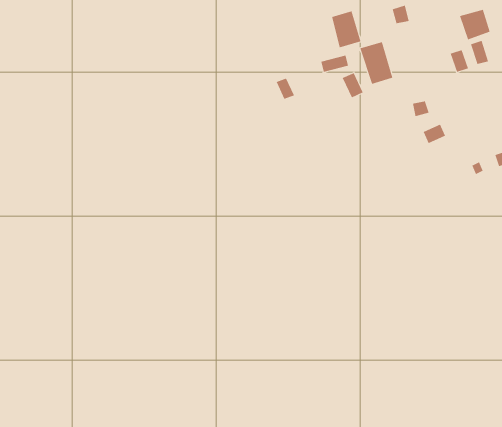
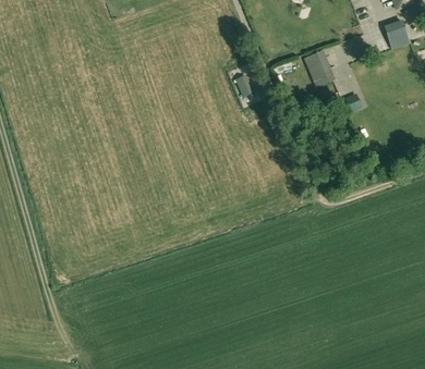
building: [331,11,361,48] -> none

